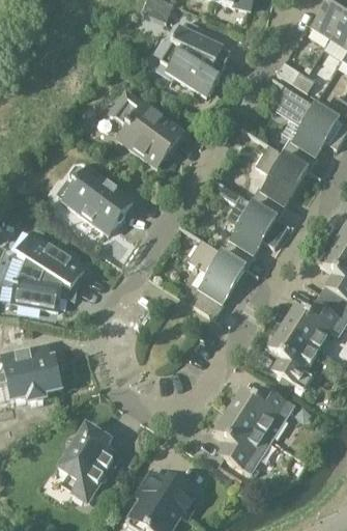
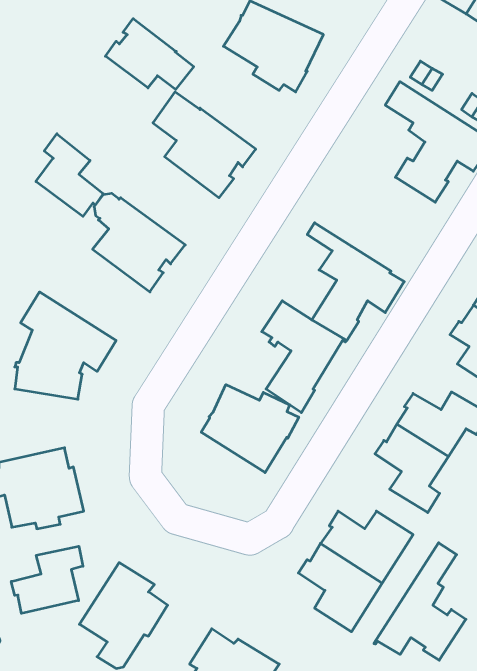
building: none -> [105,19,194,89]
building: none -> [36,134,103,216]
building: [250,145,309,219] -> none
building: none -> [201,385,299,473]
building: none -> [374,543,466,660]
building: none -> [11,546,83,613]

